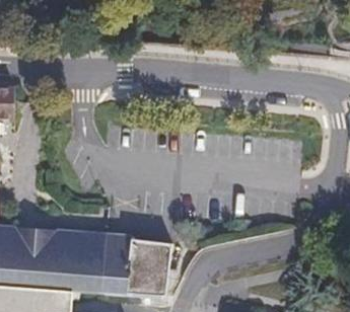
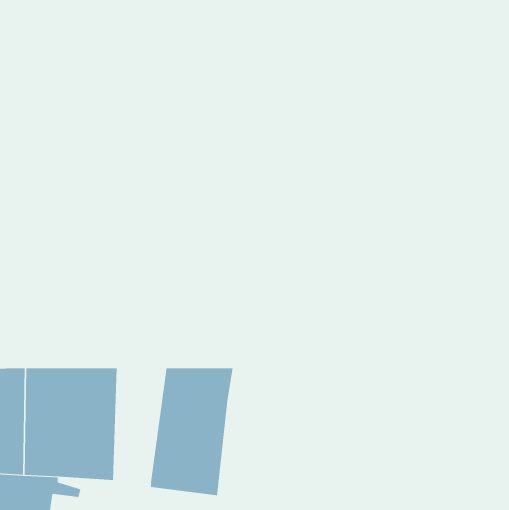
building: [100,224,131,291] -> none

